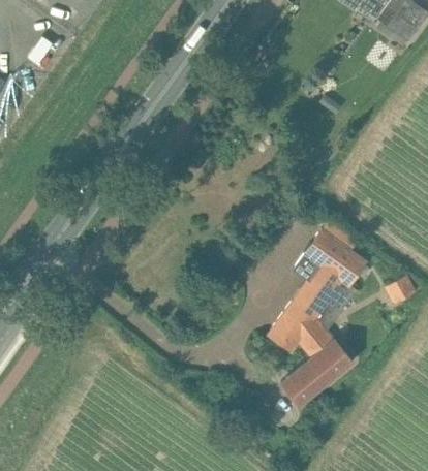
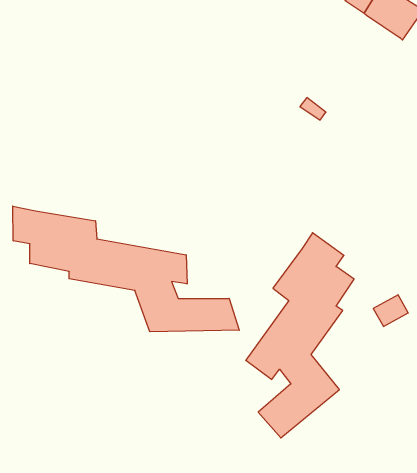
building: none -> [13,206,239,332]

